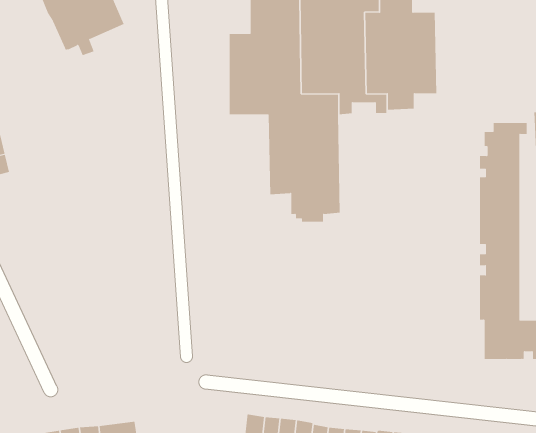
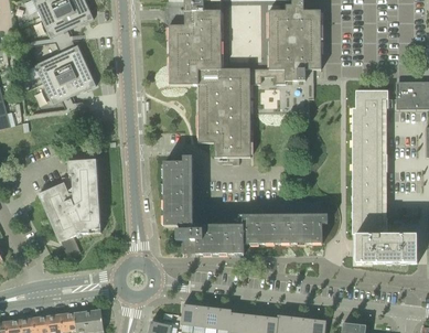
building: none -> [34,34,95,109]
building: none -> [164,157,329,254]
building: none -> [39,160,101,258]

